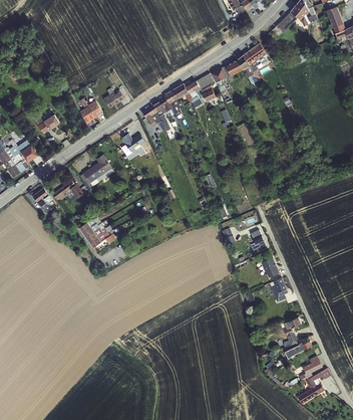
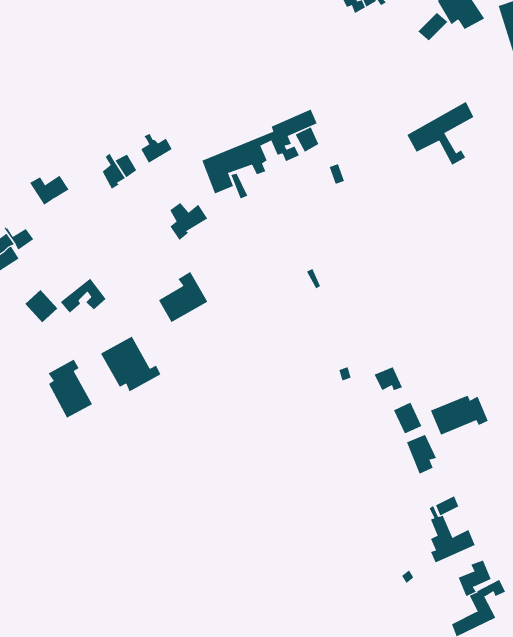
building: [224,43,266,83] -> [407,101,474,165]
building: [83,153,114,185] -> [158,271,208,323]
building: none -> [48,359,93,419]
building: none -> [430,395,489,436]

